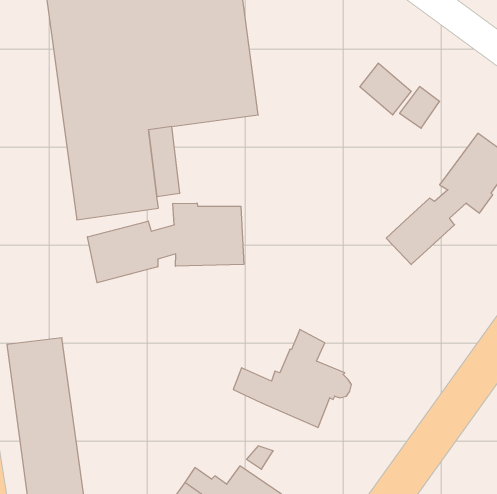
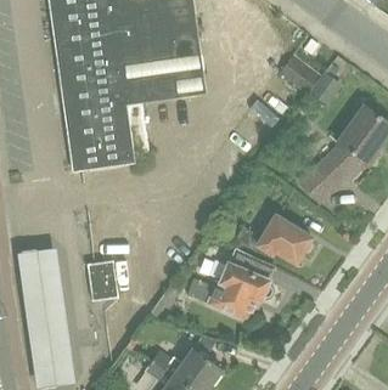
building: [87,203,244,283] -> none
building: none -> [236,215,313,264]
building: none -> [85,259,117,299]

